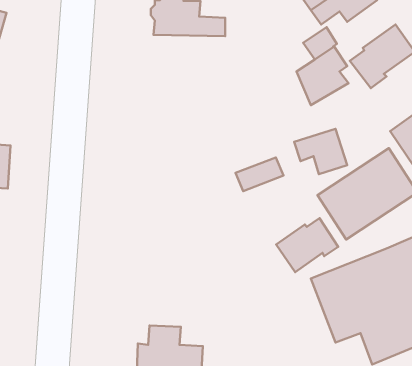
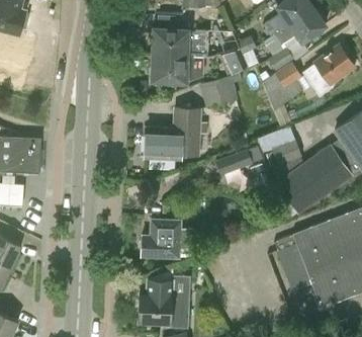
building: none -> [149,53,207,80]
building: none -> [199,76,239,108]
building: none -> [146,106,207,158]
building: [276,218,338,272] -> none
building: none -> [142,218,192,257]

